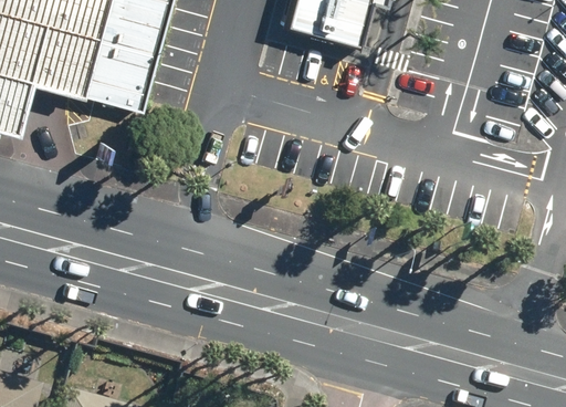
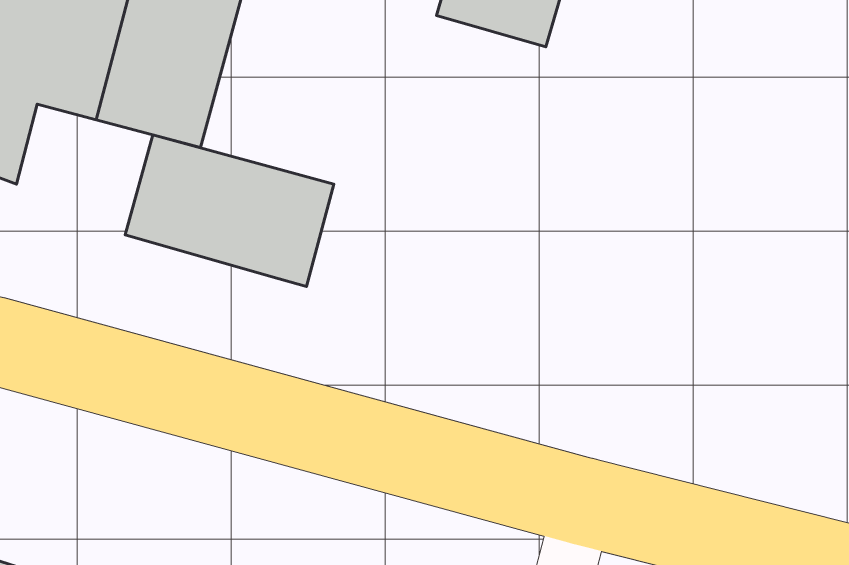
building: none -> [125,135,334,286]

